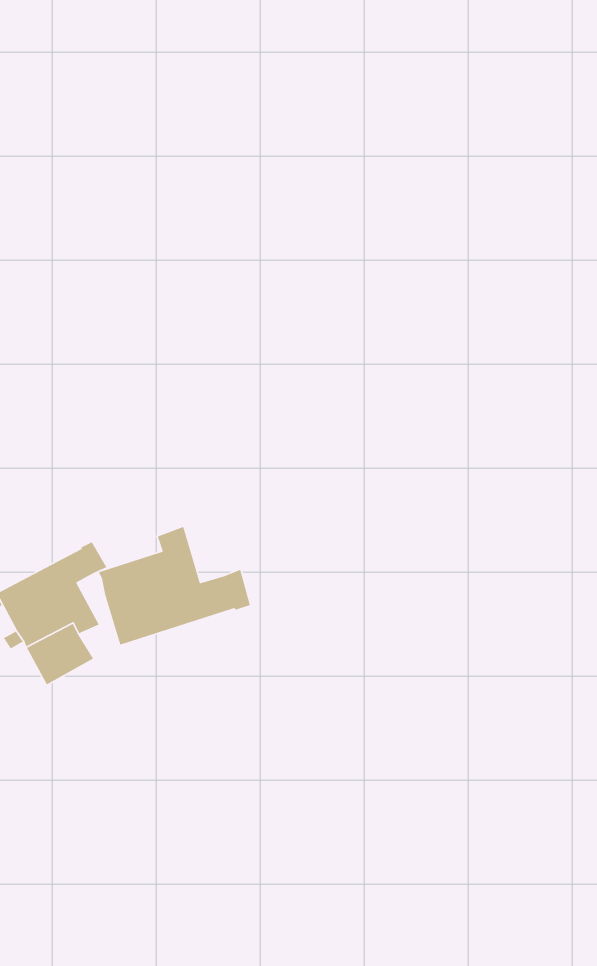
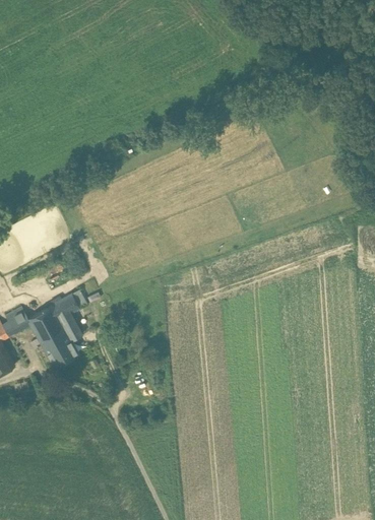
building: [98,526,251,673] -> none

